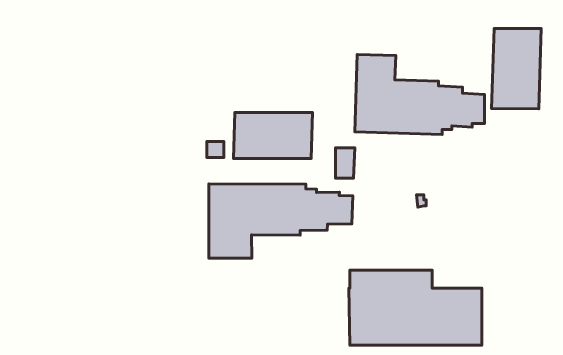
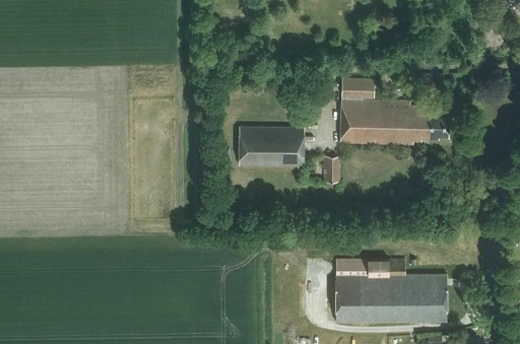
building: [492,28,541,109] -> none
building: [209,184,353,258] -> none

